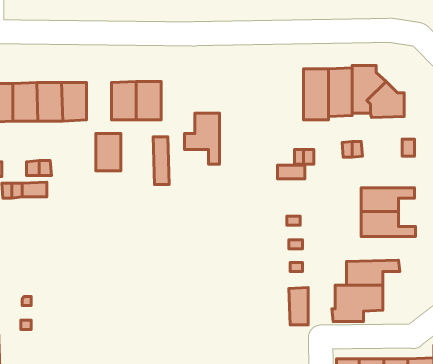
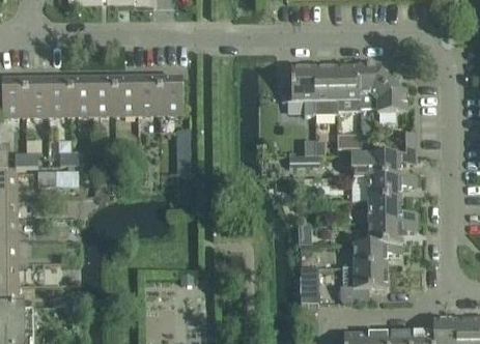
building: [185,113,220,164] -> [282,66,314,113]
building: [96,133,121,171] -> [115,79,138,113]
building: none -> [351,151,416,175]
building: none -> [354,220,417,242]

